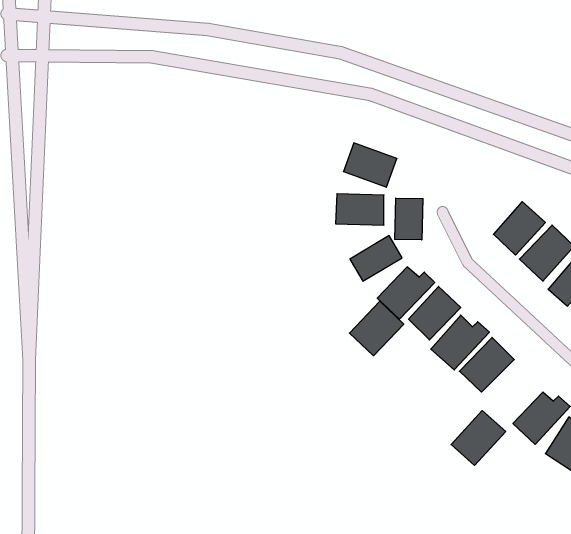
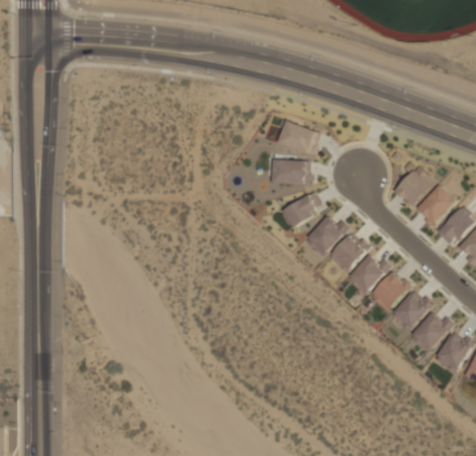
building: [395,198,423,240] -> none
building: [349,301,404,356] -> none
building: [451,411,506,465] -> [389,290,432,332]

